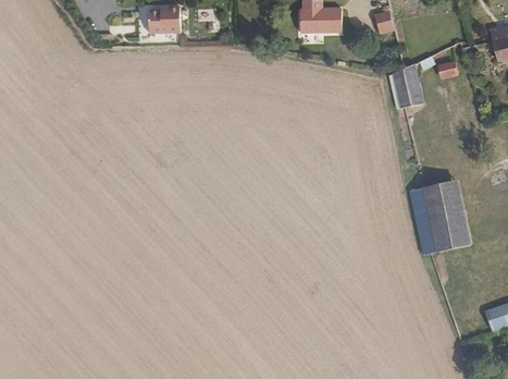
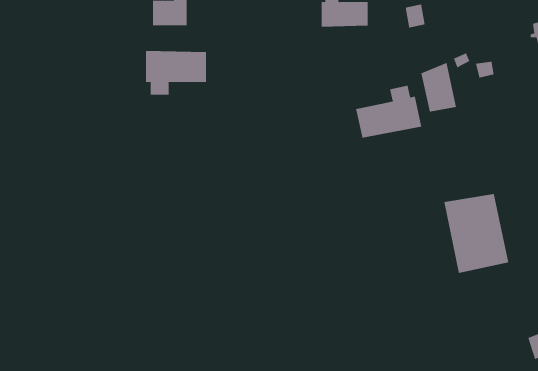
building: none -> [146,50,207,95]
building: none -> [356,85,422,139]

